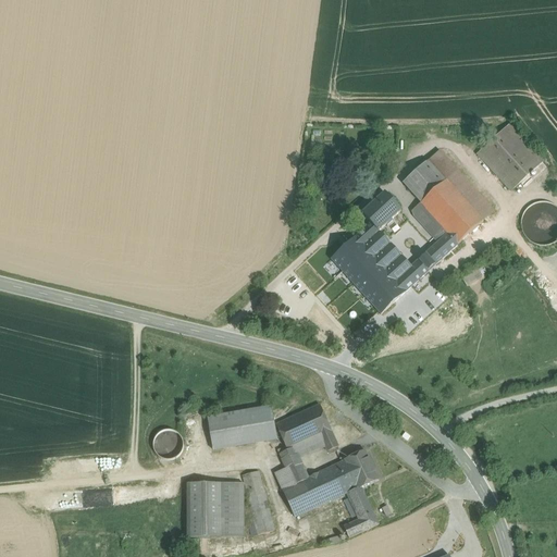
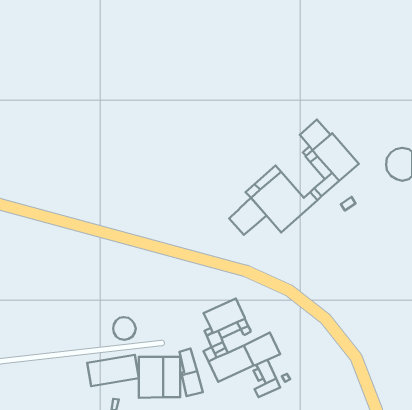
building: [476,123,542,188] -> none
building: [426,149,494,221] -> none
building: [362,193,401,232] -> none
building: none -> [229,198,267,235]
building: [207,405,276,447] -> [87,355,139,386]

